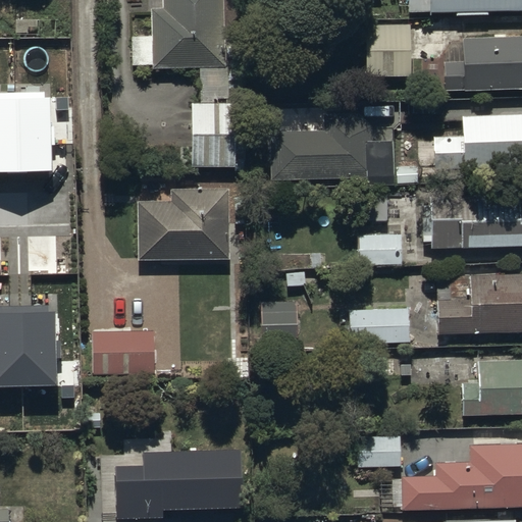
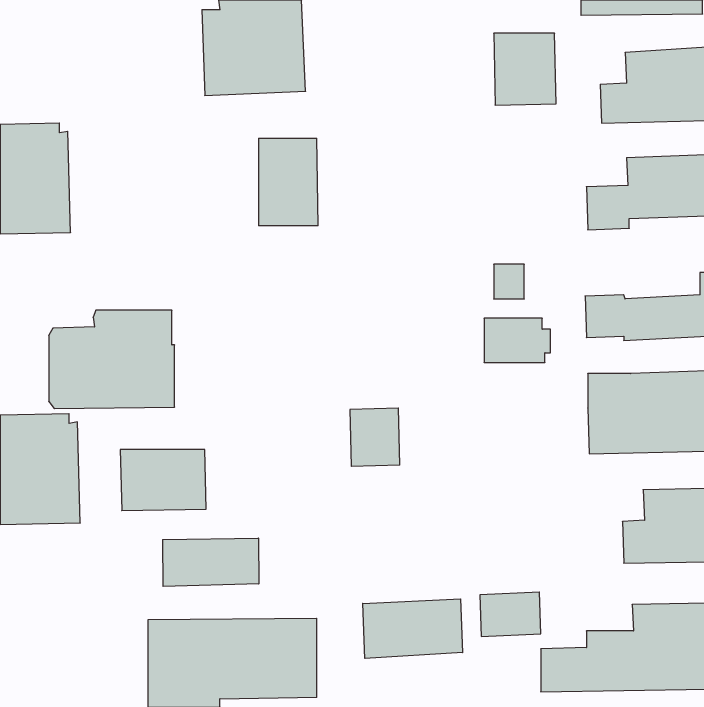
building: [271,113,396,185] -> none
building: [138,188,230,260] -> [49,310,175,409]
building: [348,308,411,344] -> none
building: none -> [163,538,259,586]
building: none -> [363,599,463,658]

